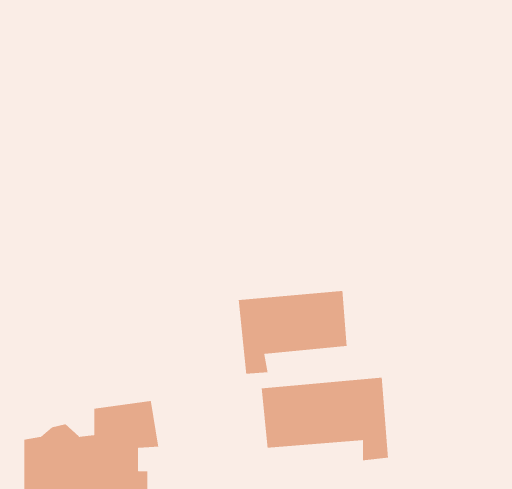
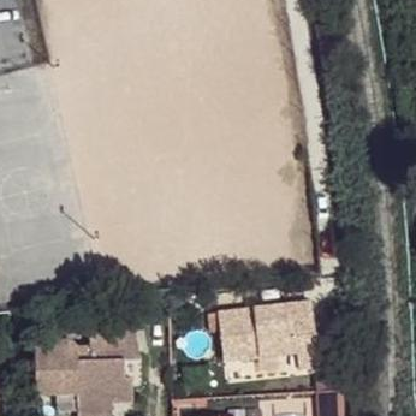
building: [238,290,348,374] -> none

